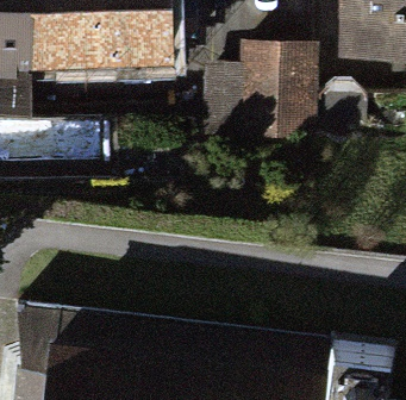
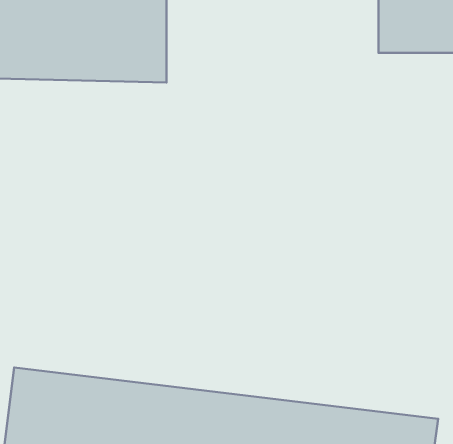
building: [242,57,302,162] -> none

